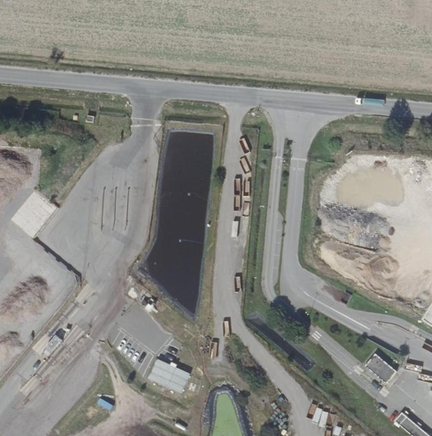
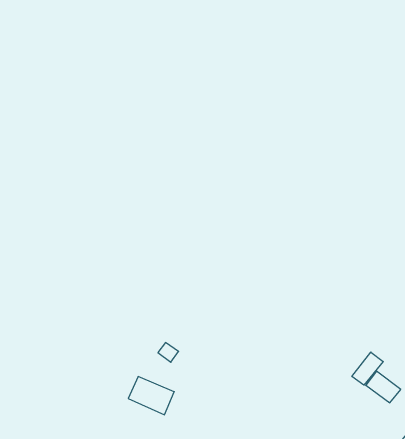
building: none -> [352,352,383,385]

